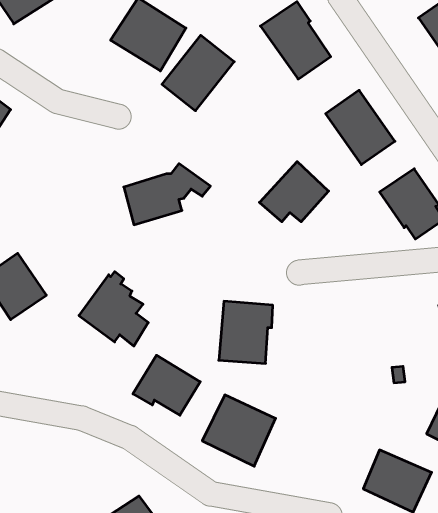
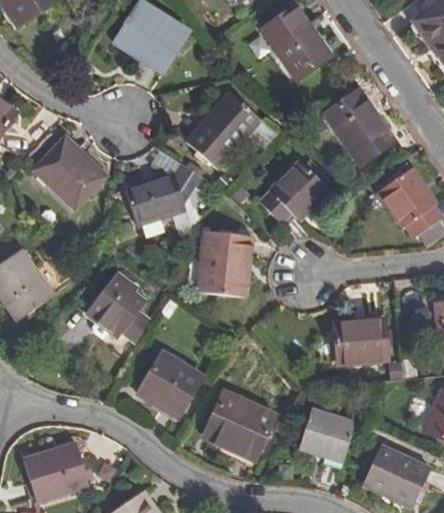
building: [162,35,234,111] -> [186,93,258,167]
building: none -> [34,136,106,208]
building: [219,301,273,363] -> [198,232,252,294]
building: none -> [335,316,387,363]
building: none -> [300,408,355,462]
building: none -> [23,444,88,500]

